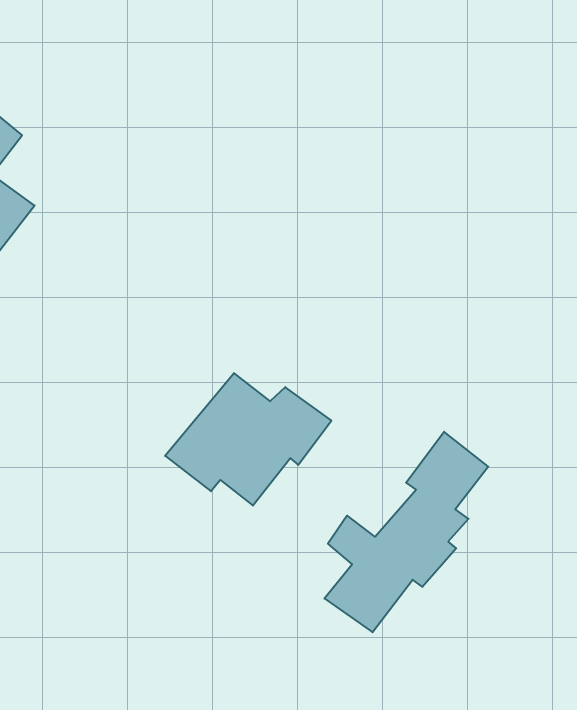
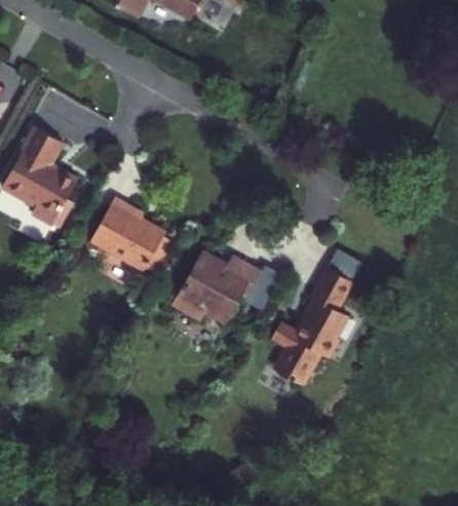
building: none -> [90,198,165,271]

